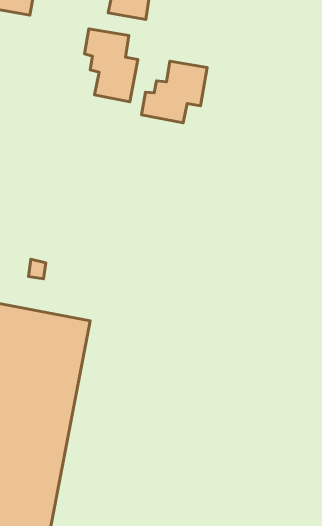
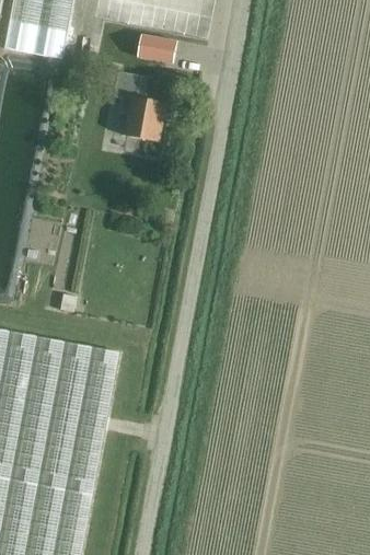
building: [141,61,207,123] -> none

